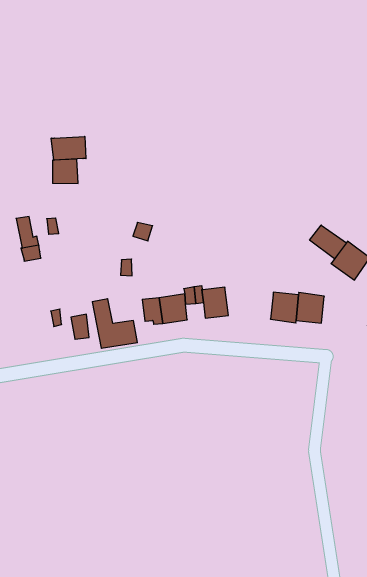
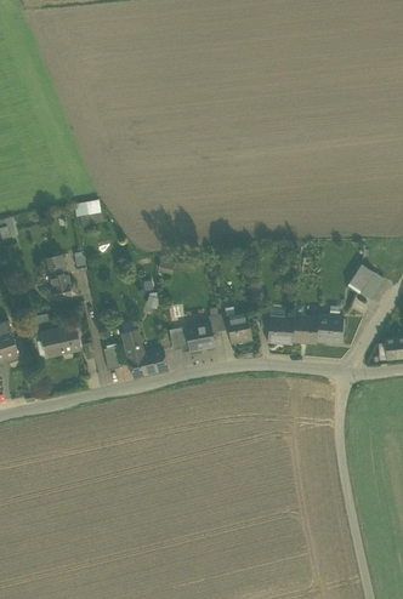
building: [51,136,86,160] -> none
building: [310,225,347,259] -> none
building: none -> [266,314,293,342]
building: none -> [42,325,79,353]

